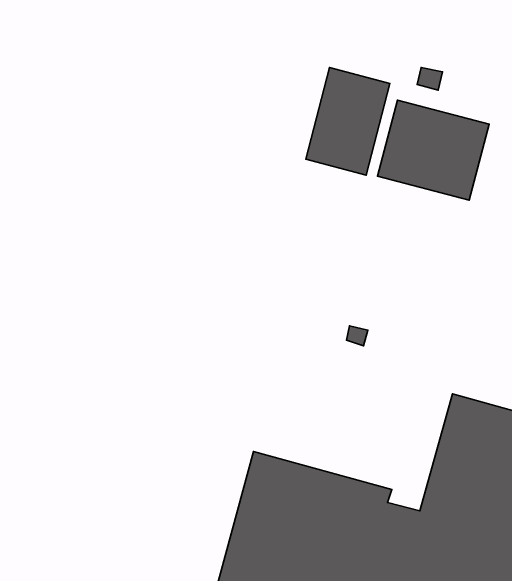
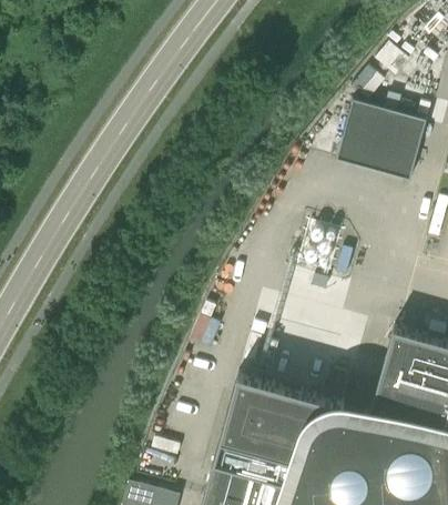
building: [306,68,390,175] -> none

